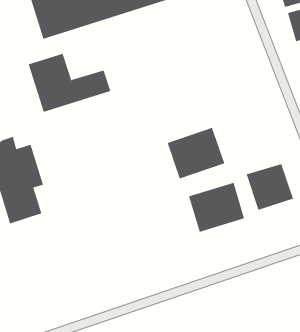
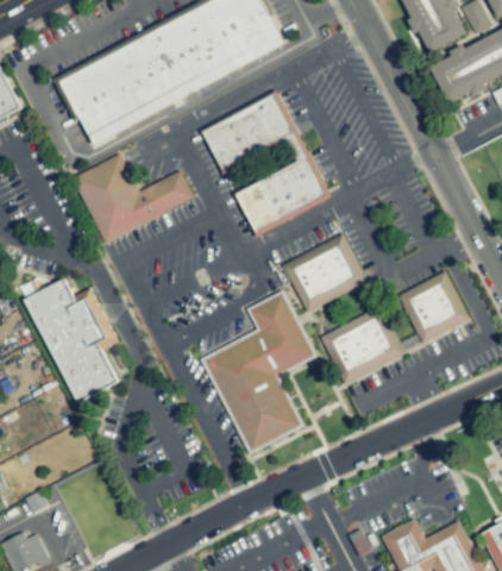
building: none -> [201,95,299,169]
building: none -> [233,156,327,232]
building: none -> [206,293,312,448]

